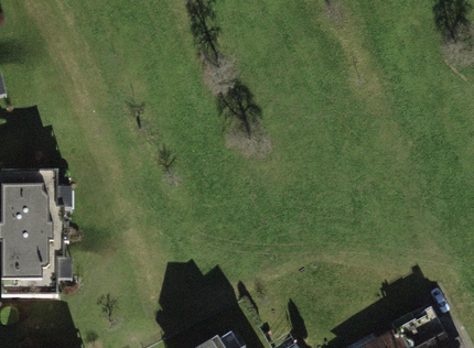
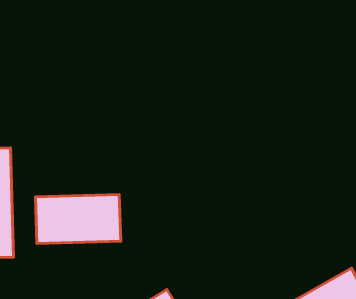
building: none -> [36,194,121,244]

